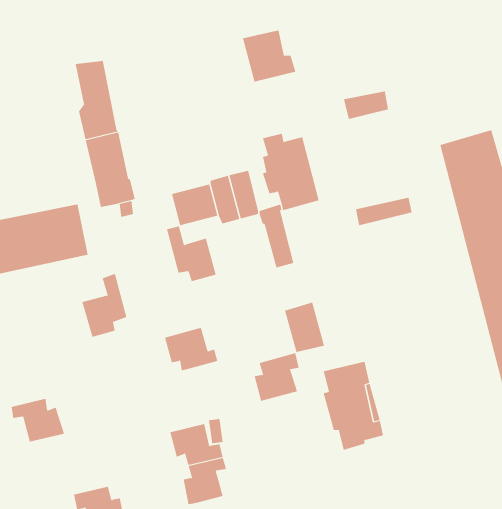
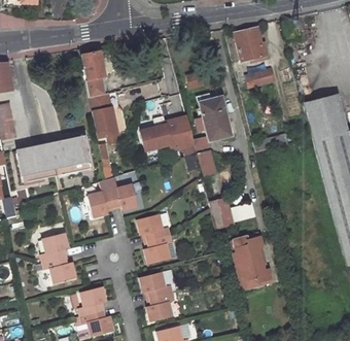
building: [242,30,296,82] -> [235,29,268,61]
building: [166,226,217,282] -> [106,179,137,213]
building: [254,353,299,402] -> [143,235,171,265]
building: none -> [40,235,67,263]
building: none -> [78,288,106,316]

